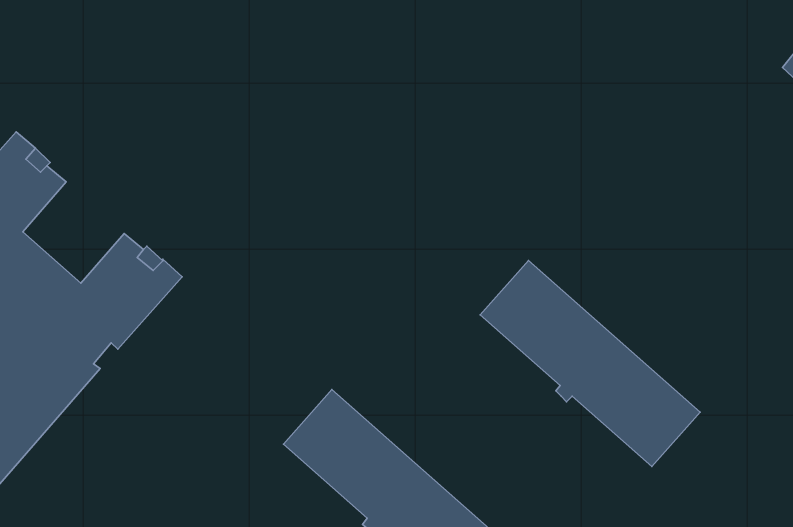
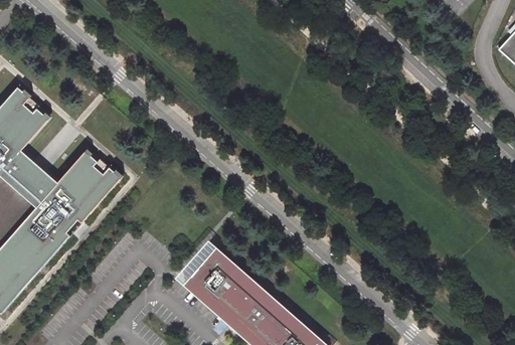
building: [480,260,700,467] -> none

